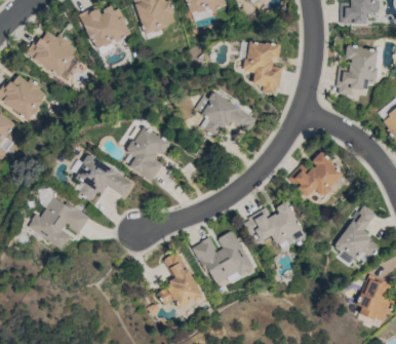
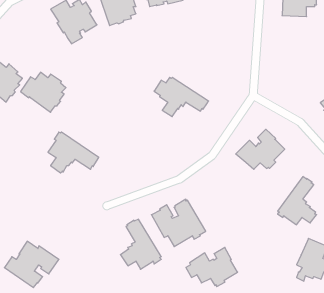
building: [26,32,77,77] -> [21,72,66,112]
building: [243,42,282,94] -> none
building: [335,45,378,95] -> none
building: [126,127,170,182] -> none
building: [28,197,89,250] -> [4,241,59,288]
building: [244,201,303,245] -> [186,247,238,287]

